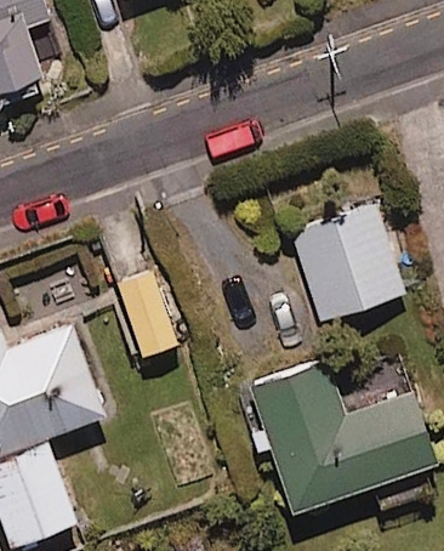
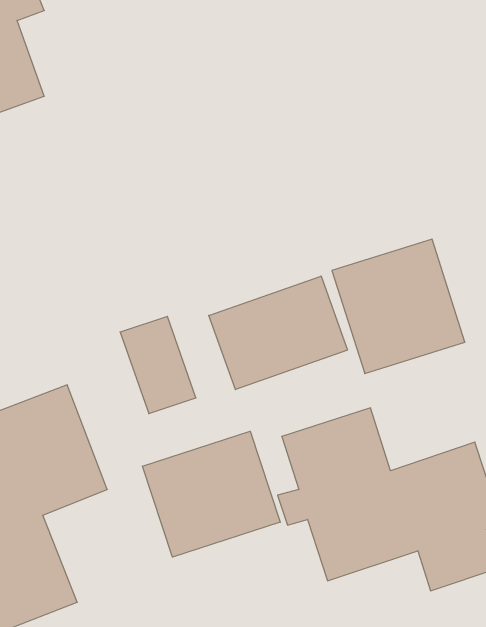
building: none -> [209,276,348,390]
building: none -> [142,431,280,557]

